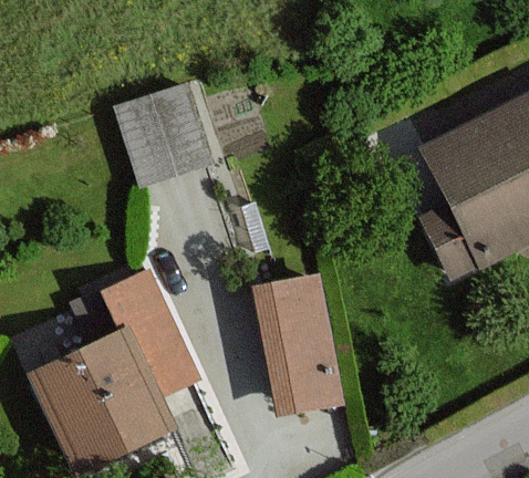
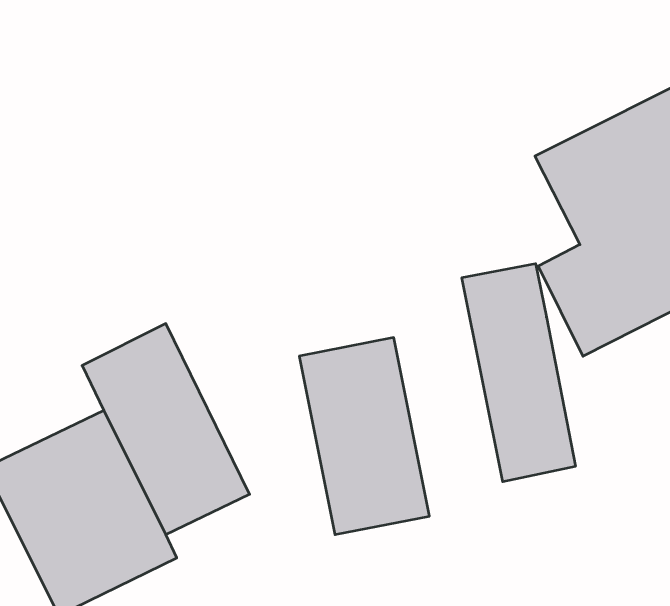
building: [114,81,219,189] -> none
building: none -> [462,264,575,482]

